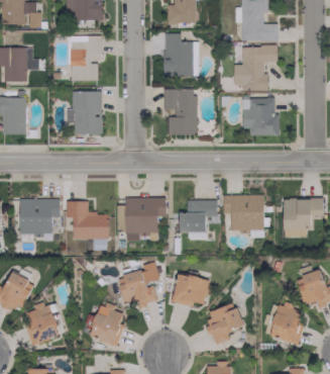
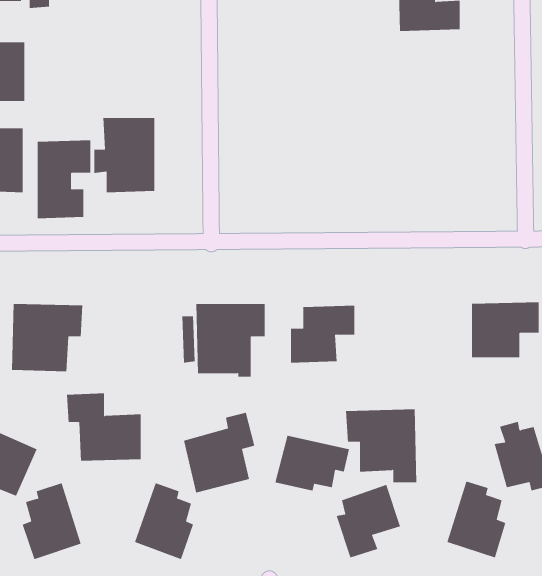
building: [163,33,199,76] -> none
building: [71,35,102,81] -> [37,140,91,219]
building: [233,45,278,91] -> none
building: [163,89,197,134] -> none
building: [242,98,279,135] -> none
building: [223,194,264,237] -> [345,409,417,483]
building: [66,200,109,240] -> [66,393,142,461]

